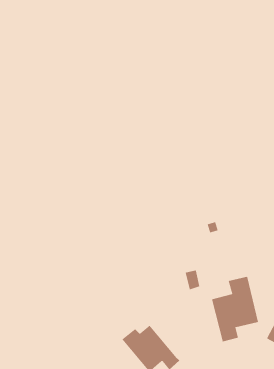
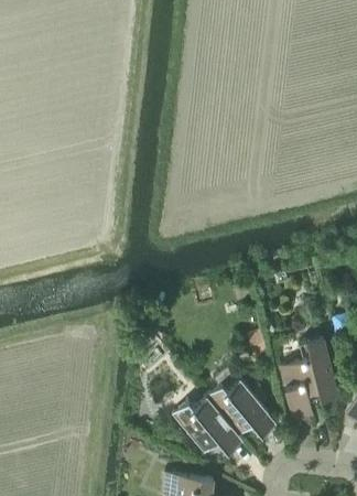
building: none -> [206,367,277,436]

